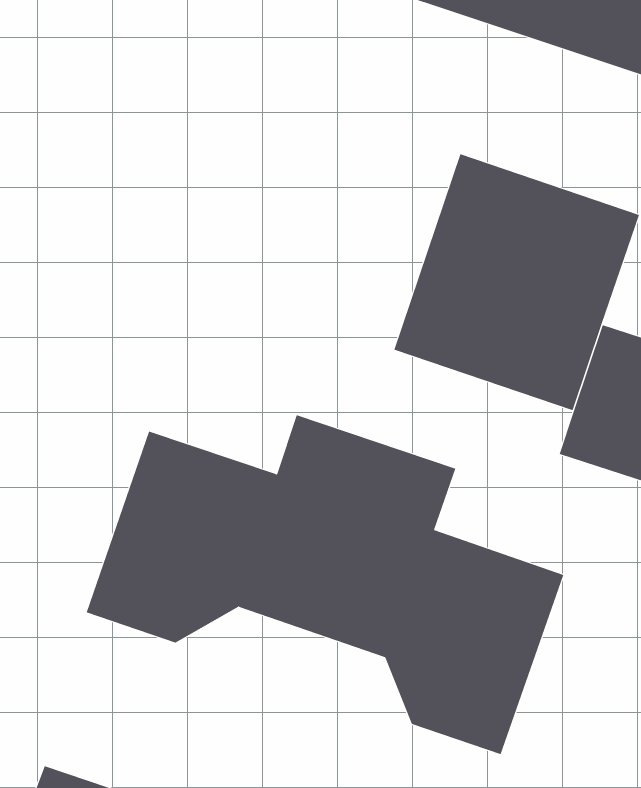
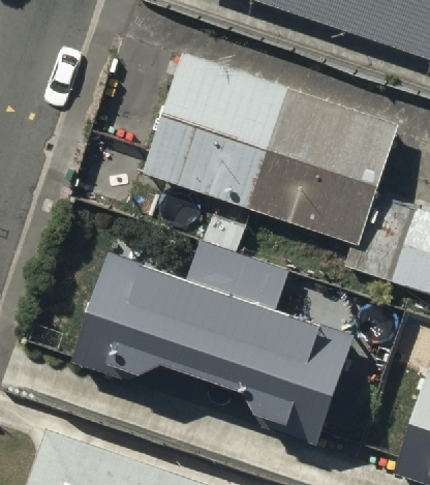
building: none -> [151,56,290,203]

